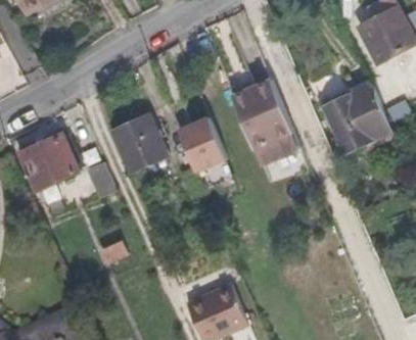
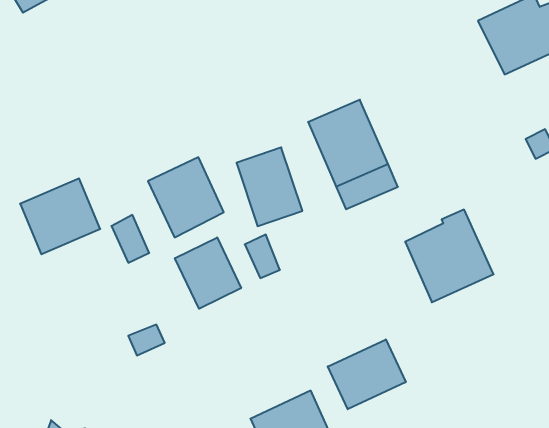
building: [326,84,390,151] -> [405,210,494,302]
building: none -> [175,237,241,309]
building: none -> [328,339,406,409]

